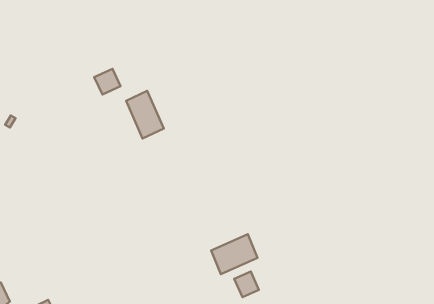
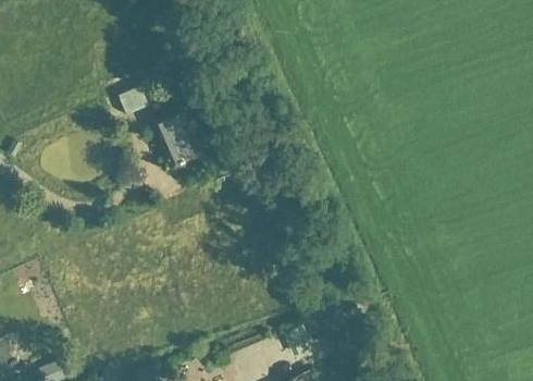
building: [211,234,258,274] -> none

